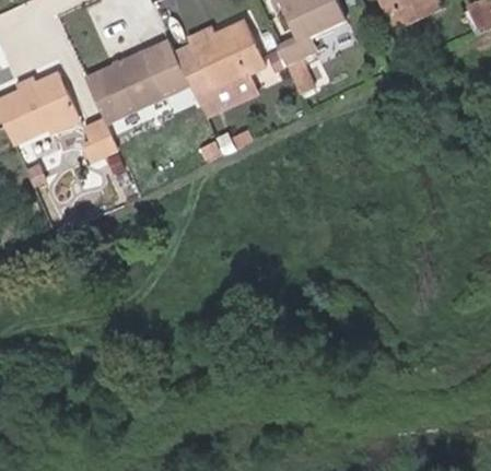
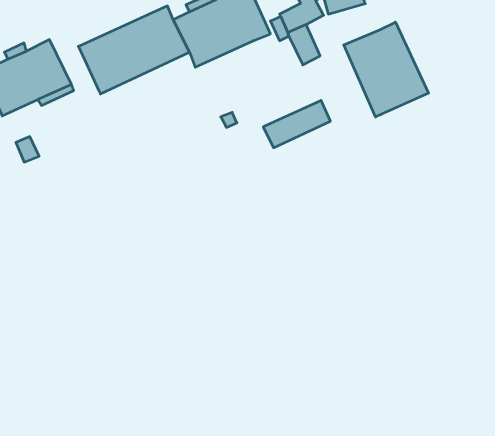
building: none -> [344,22,428,117]
building: [195,72,258,117] -> [263,100,330,148]
building: [81,118,117,161] -> none

